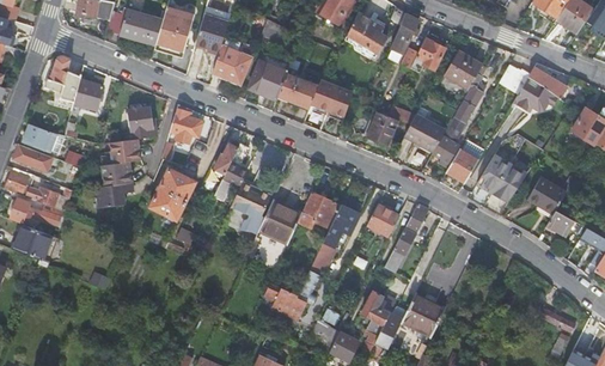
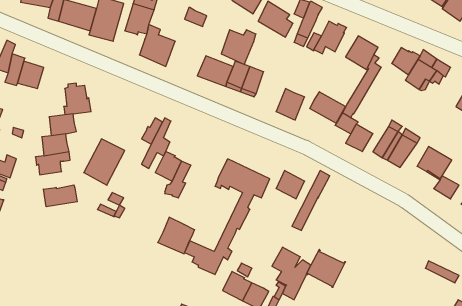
building: [250,60,289,99] -> [221,30,256,64]
building: [170,106,203,142] -> none
building: [258,201,300,243] -> [158,217,195,254]
building: none -> [43,185,77,207]

